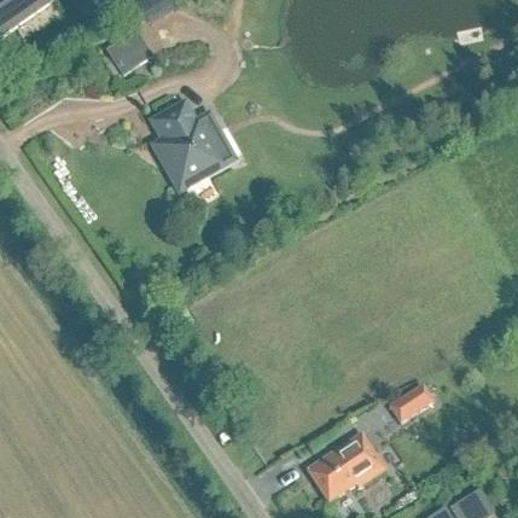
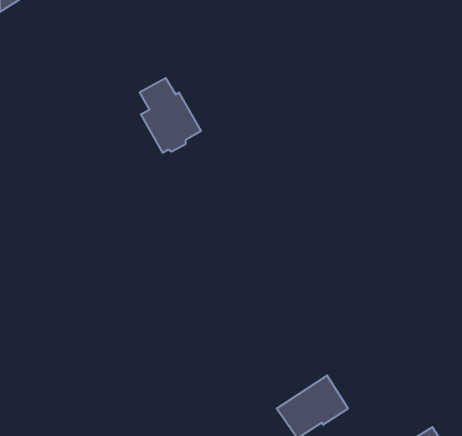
building: [105,29,153,76] -> none
building: [390,385,432,423] -> none

